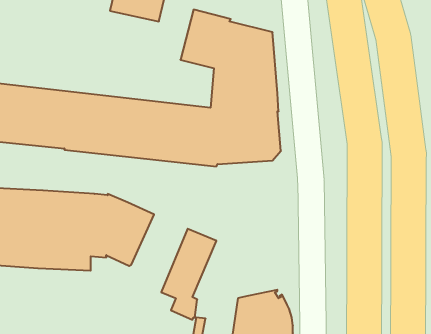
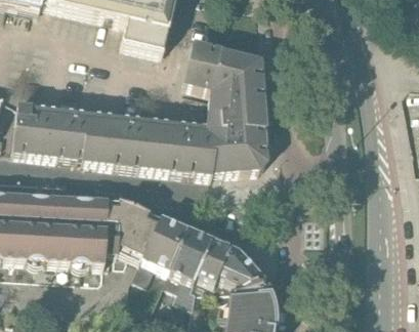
building: none -> [141,215,190,283]
building: none -> [194,238,266,288]

